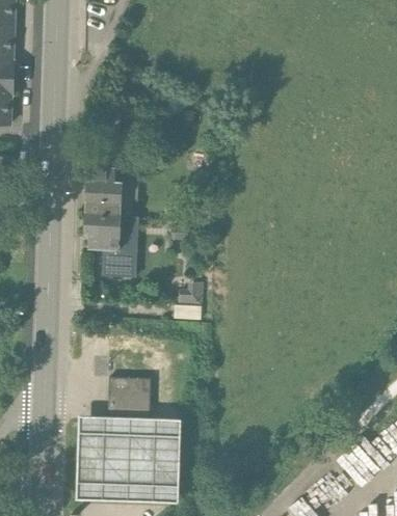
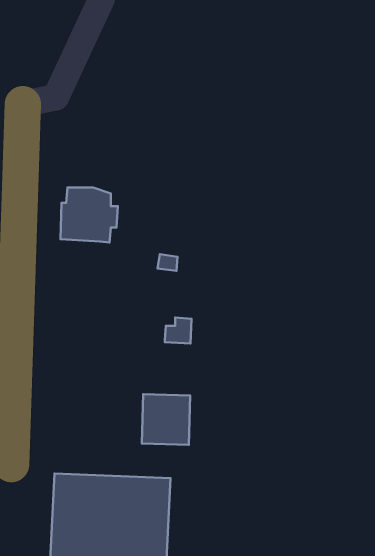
building: [84,212,135,277] -> none
building: [107,376,150,420] -> [142,394,190,445]

